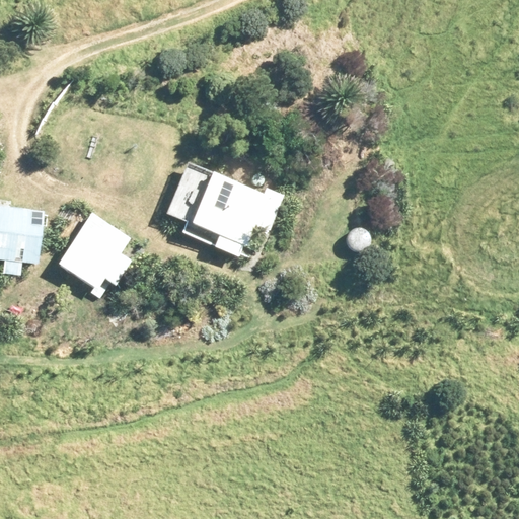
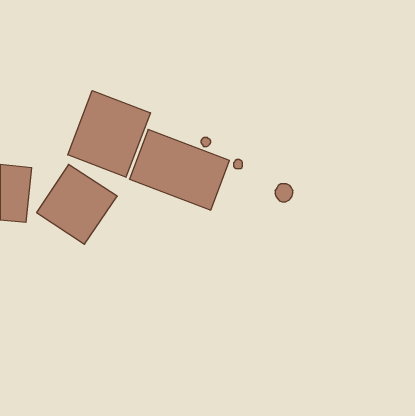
building: none -> [68,91,150,177]

